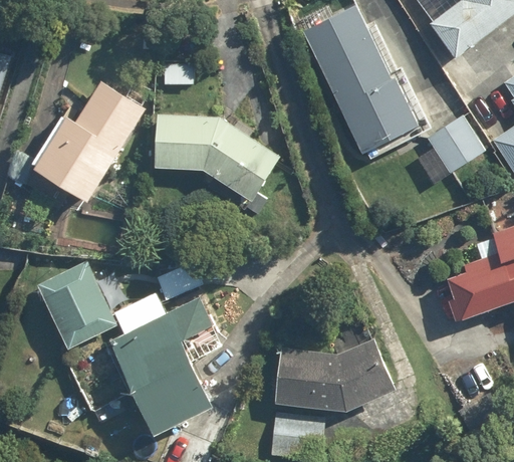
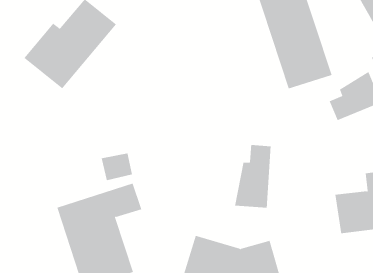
building: [155,112,279,199] -> none
building: none -> [235,144,271,208]
building: [38,260,115,349] -> none

